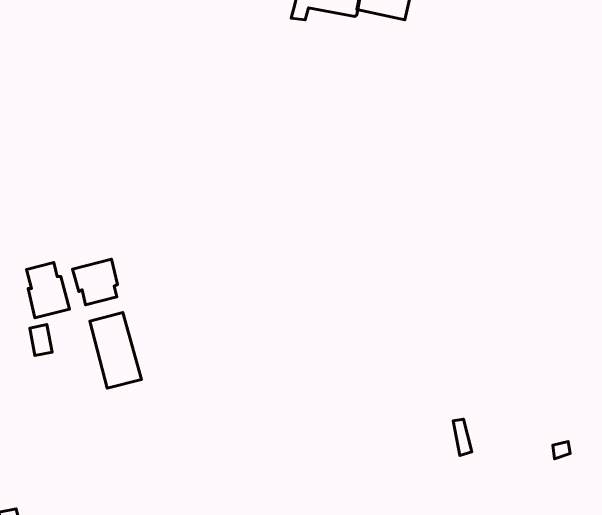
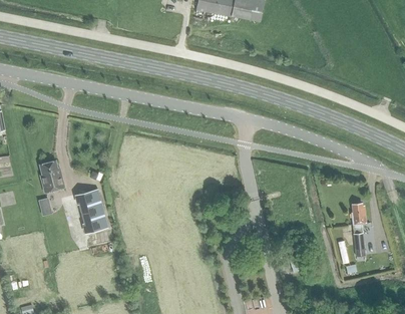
building: [73,259,118,305] -> none
building: none -> [351,204,366,257]

